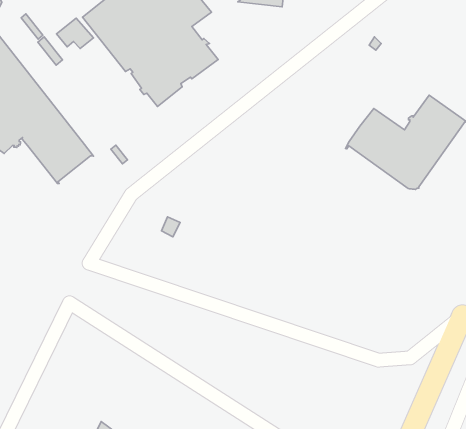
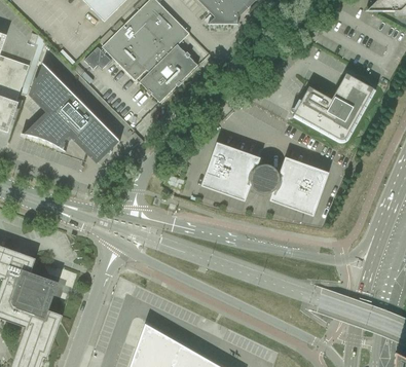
building: none -> [200,142,328,216]

